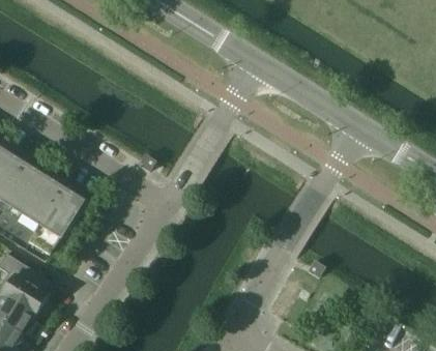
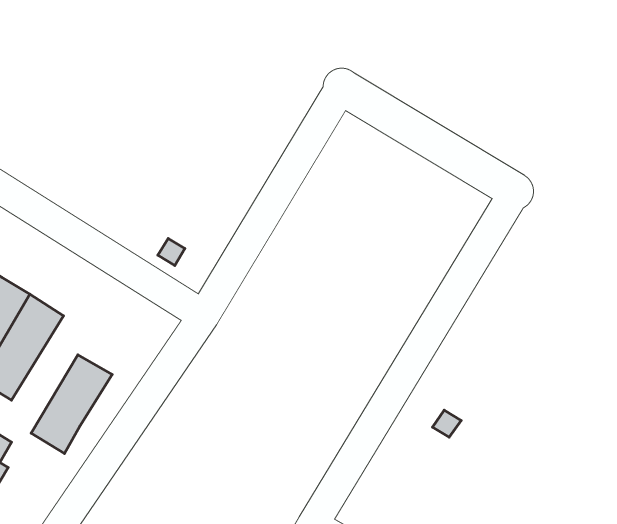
building: none -> [31,355,112,453]

